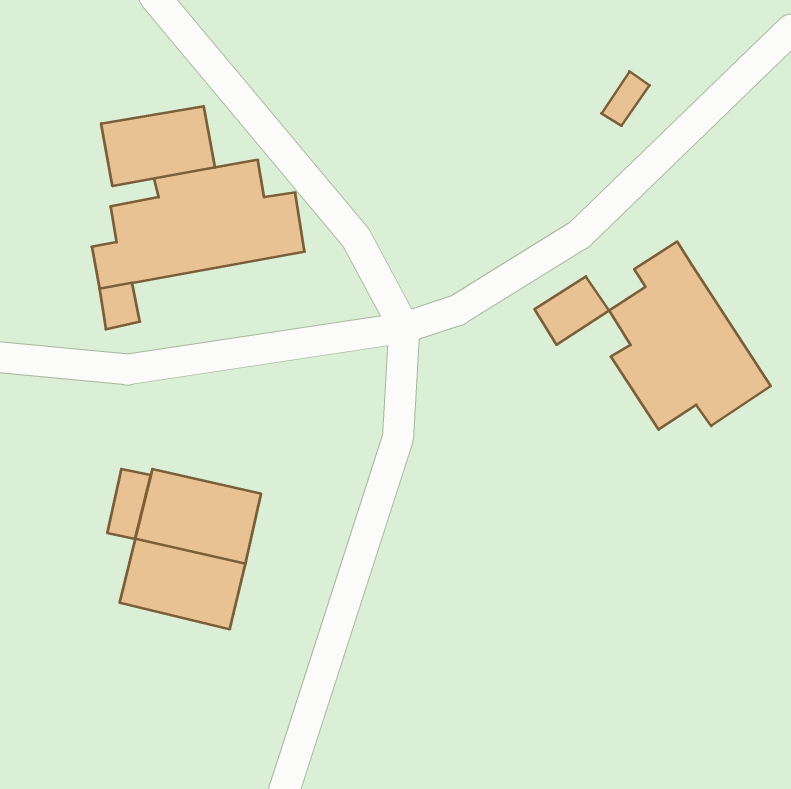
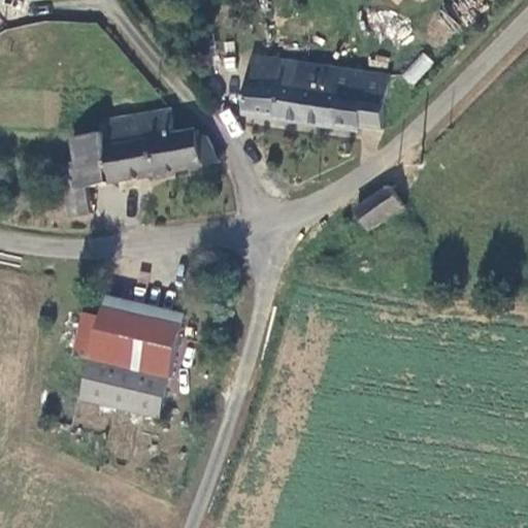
building: none -> [242,52,392,132]
building: [101,106,215,186] -> none
building: [609,242,771,430] -> none

